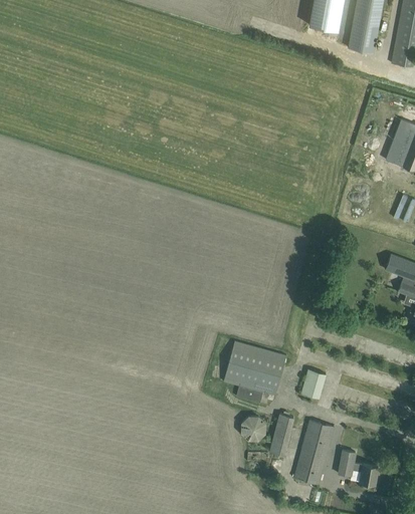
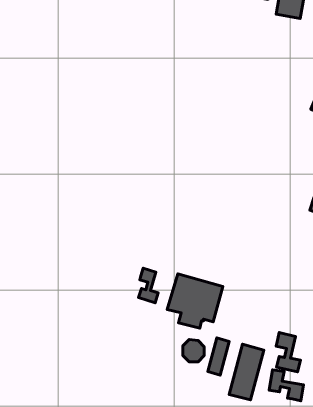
building: none -> [139,268,158,303]
building: [301,368,326,398] -> none
building: none -> [276,333,300,372]

